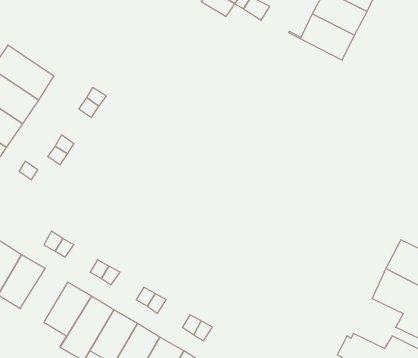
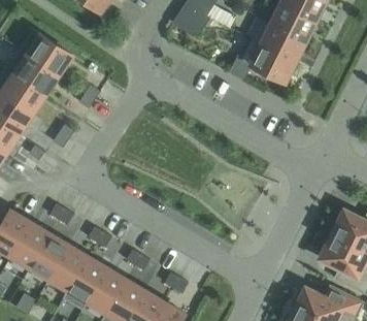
building: none -> [20,29,71,75]
building: none -> [241,39,296,83]
building: none -> [30,234,69,279]

